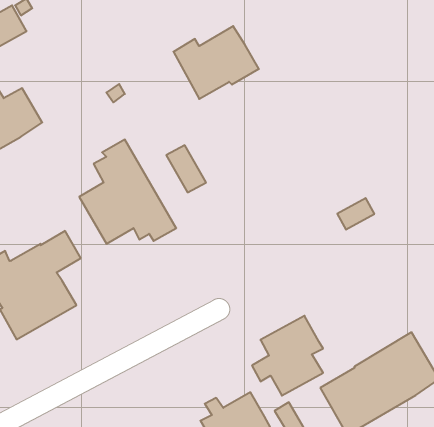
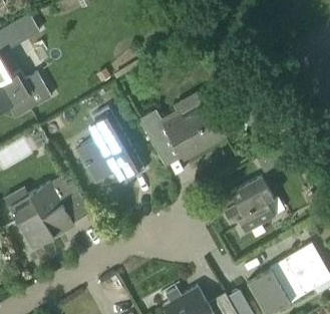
building: [173,26,259,99] -> [163,105,224,156]
building: [252,316,323,396] -> [224,176,274,232]

